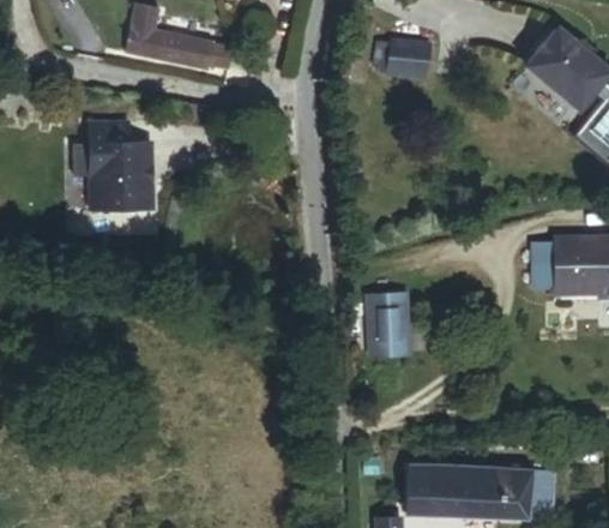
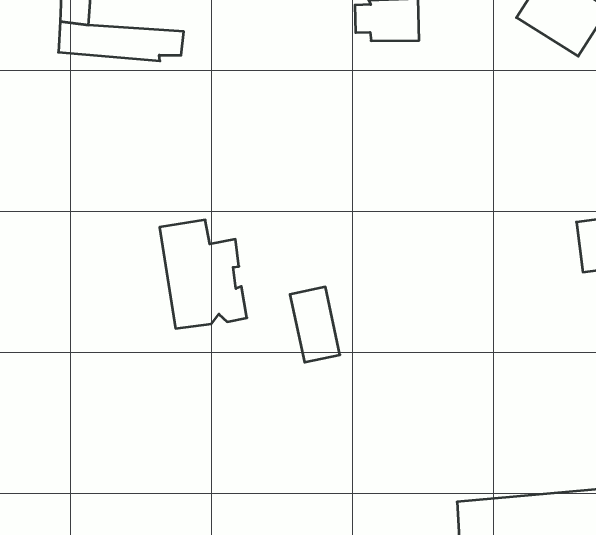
building: [89,121,151,208] -> [160,220,247,328]
building: [367,295,402,355] -> [290,287,340,362]

